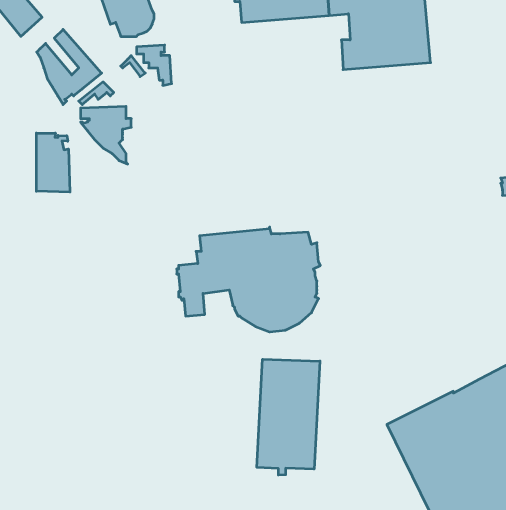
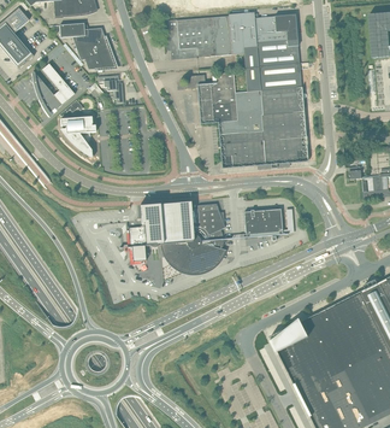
building: none -> [185,70,308,166]
building: [36,133,70,192] -> none
building: none -> [244,207,289,240]
building: [257,359,320,475] -> none

